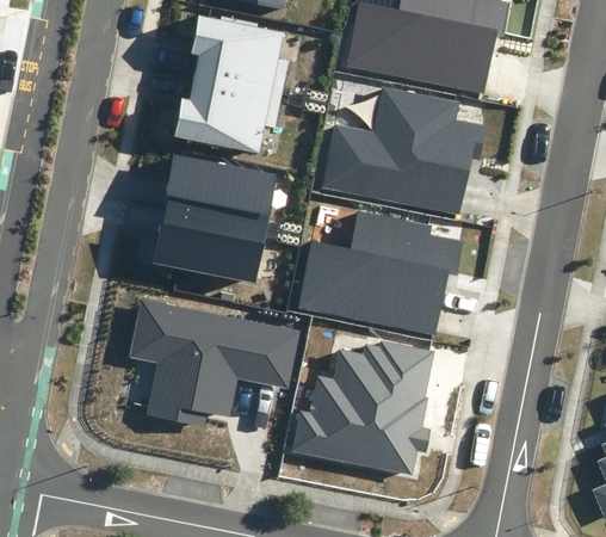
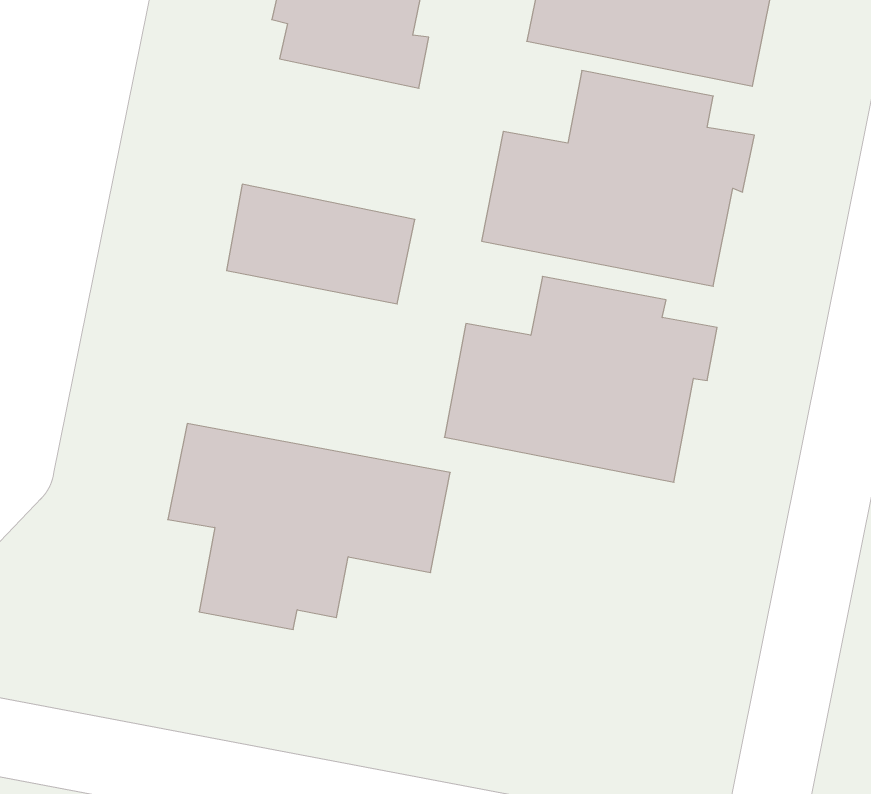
building: [174,76,280,153] -> none
building: [152,205,267,283] -> none
building: [290,340,433,474] -> none

